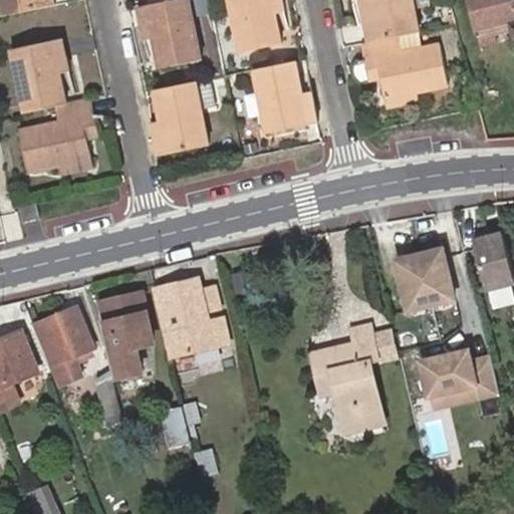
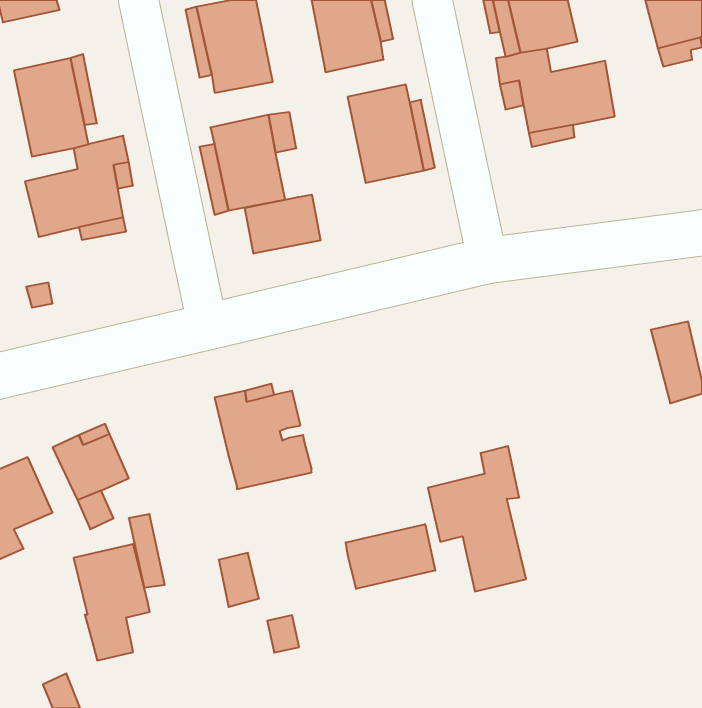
building: none -> [245,195,321,254]
building: [394,249,451,310] -> none
building: [97,292,153,376] -> [74,544,150,660]
building: [417,348,496,398] -> none
building: none -> [346,524,435,589]

